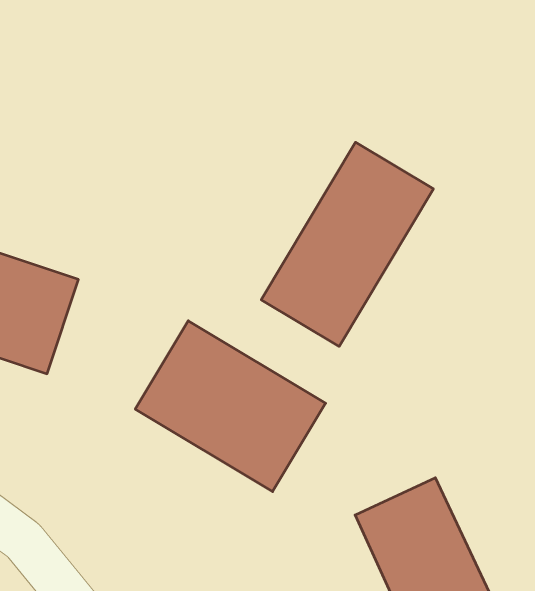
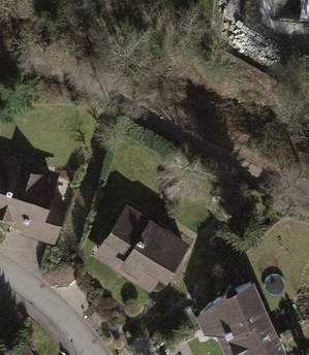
building: [261,142,433,346] -> none

